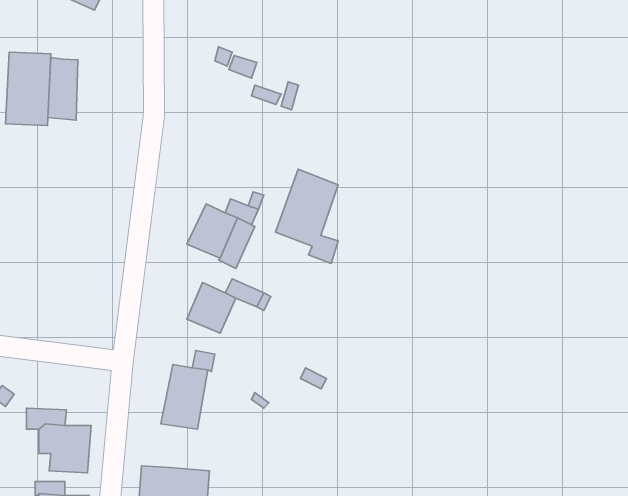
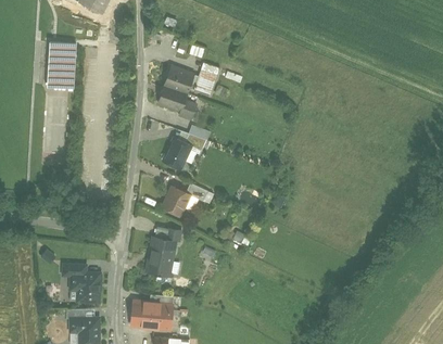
building: [48,57,78,120] -> none
building: [275,169,338,263] -> [153,69,192,128]

